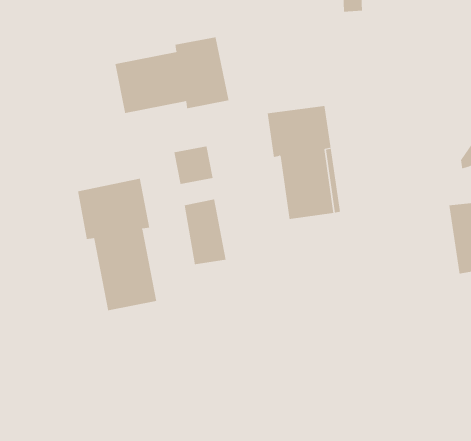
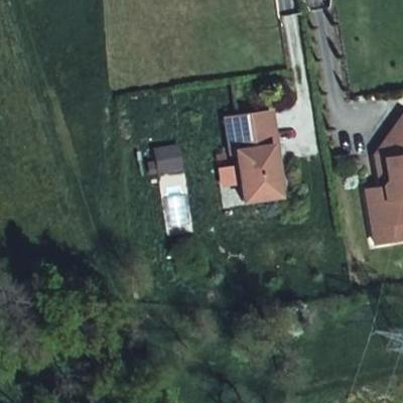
building: [115,36,229,114] -> none
building: [77,178,157,311] -> none

